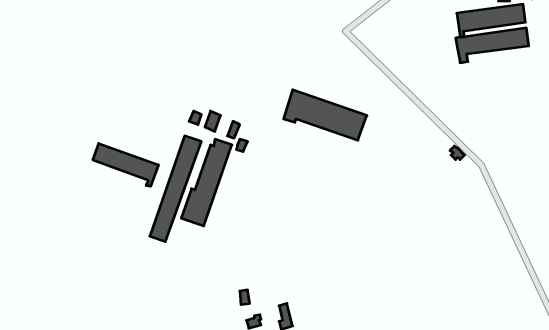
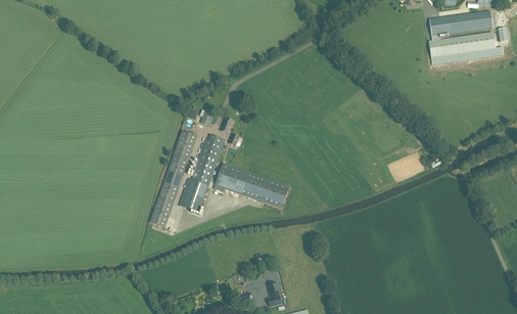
building: [284,90,367,140] -> [214,162,289,208]
building: [93,143,158,186] -> none

